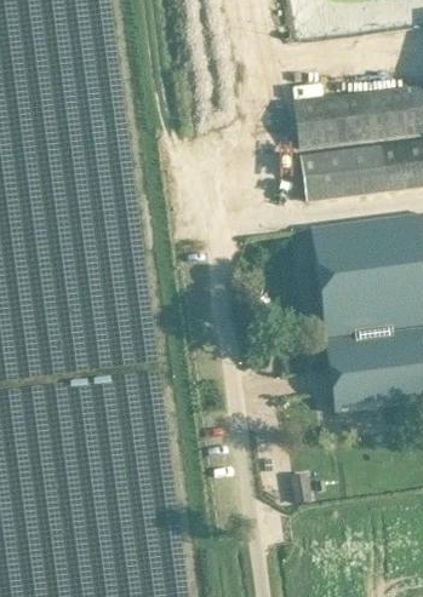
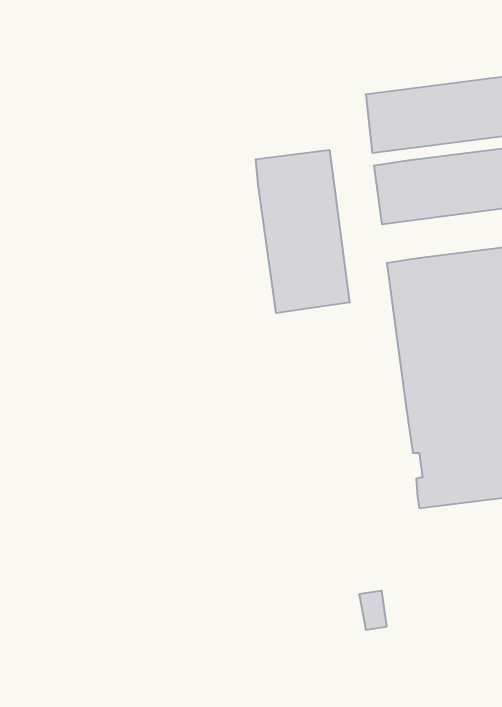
building: none -> [256,150,350,313]

